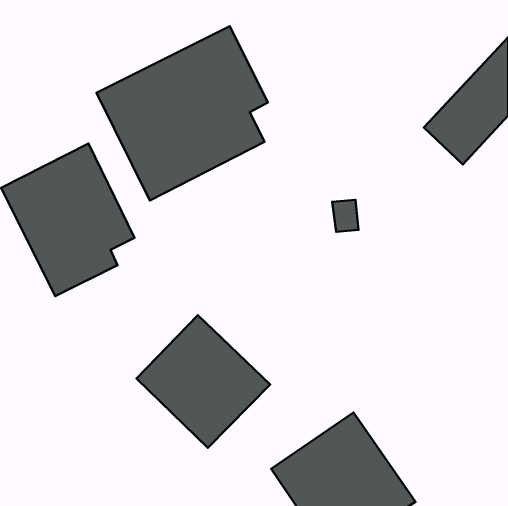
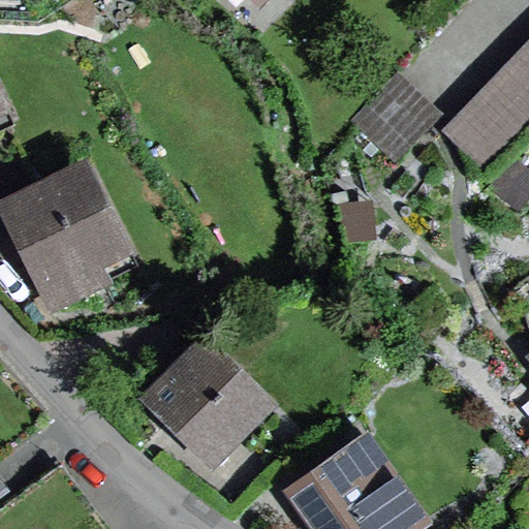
building: [97,26,268,200] -> none
building: none -> [344,74,436,166]

